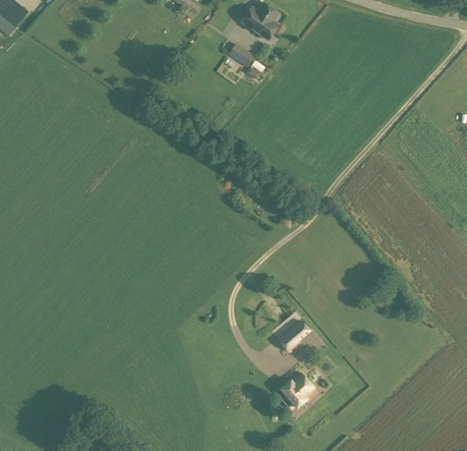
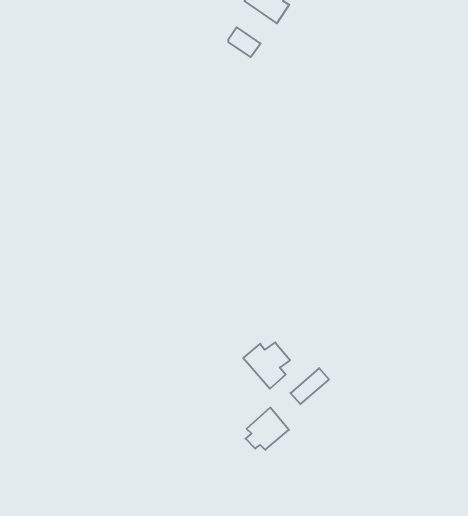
building: none -> [243,342,290,389]
building: [279,372,314,406] -> [245,408,289,450]

